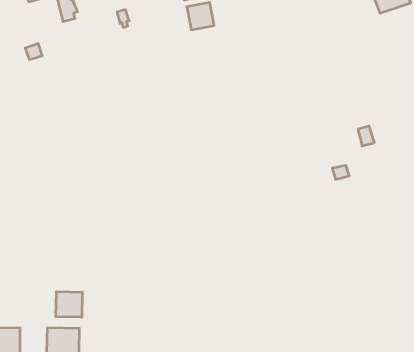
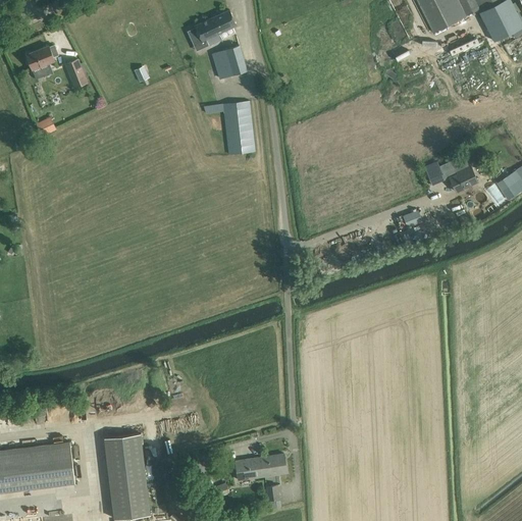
building: none -> [204,101,255,154]
building: none -> [439,158,477,191]
building: [56,292,82,317] -> none

